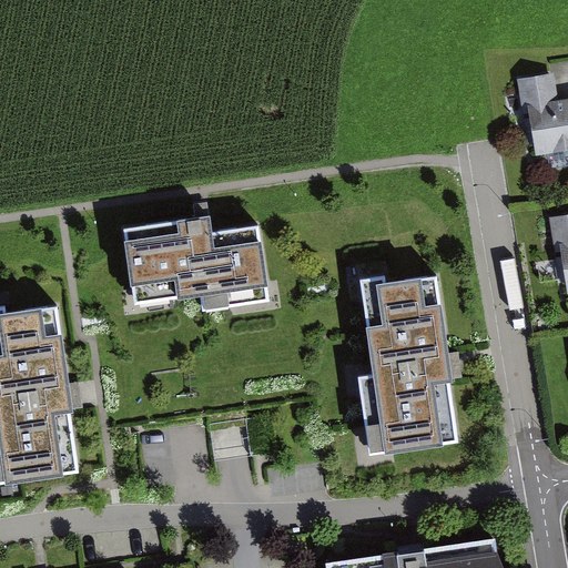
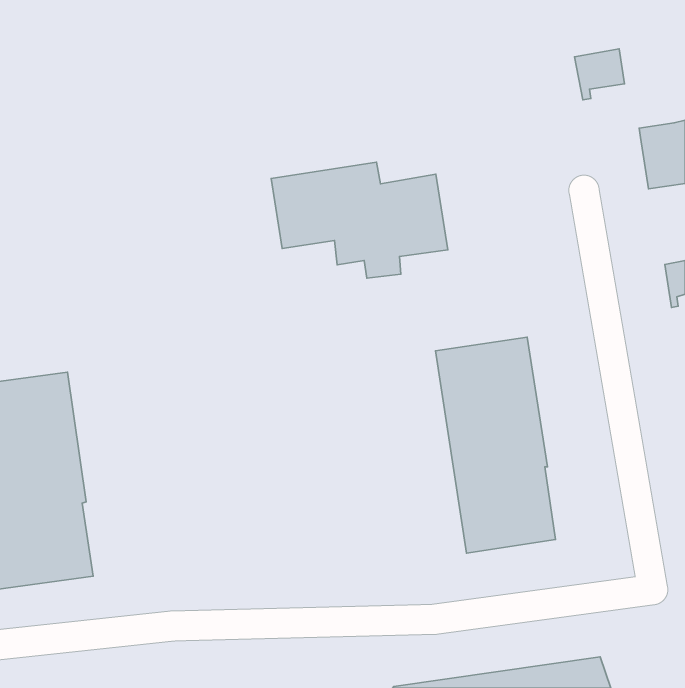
building: [514,72,555,114] -> [575,49,625,100]
building: [121,216,266,312] -> [271,162,448,278]

